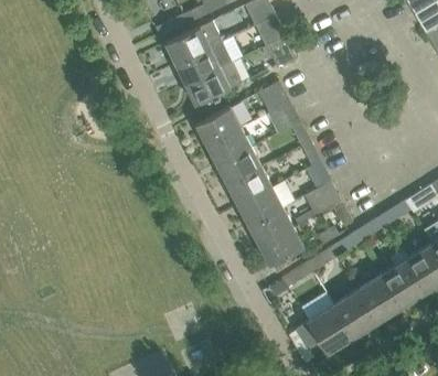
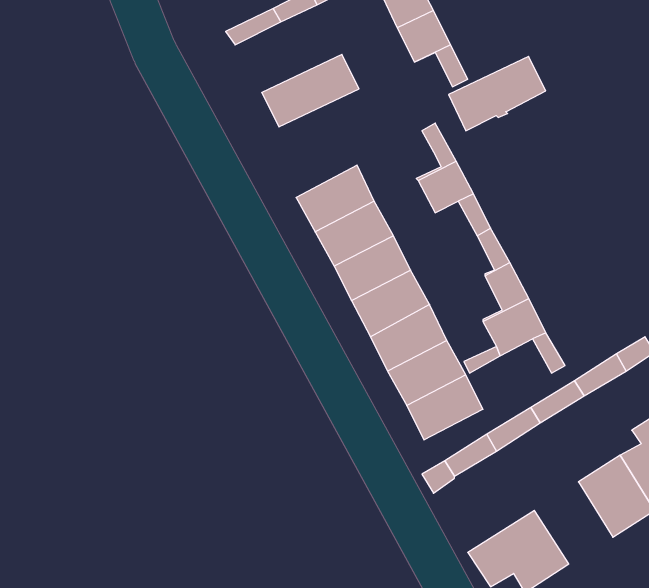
building: [167,20,223,64] -> none
building: [186,62,243,105] -> [449,56,546,131]
building: [334,289,380,336] -> none

